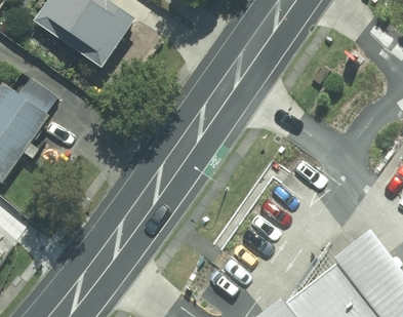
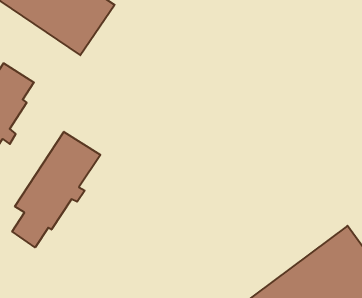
building: none -> [12,132,100,247]

